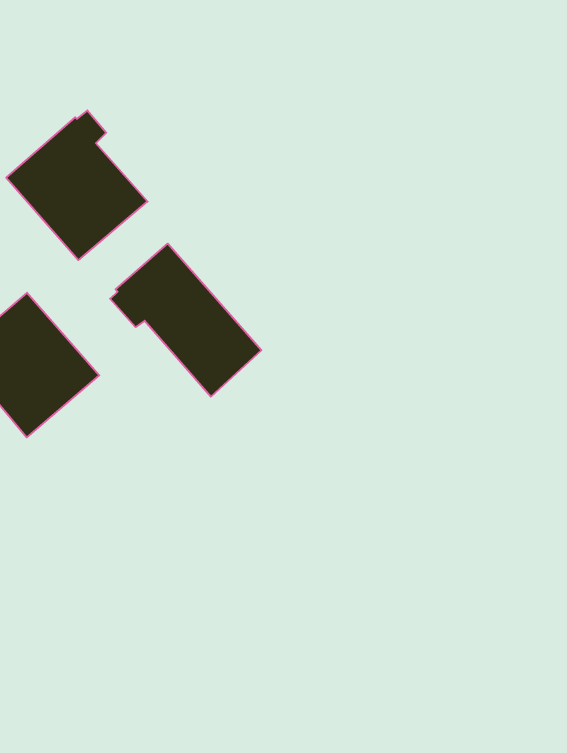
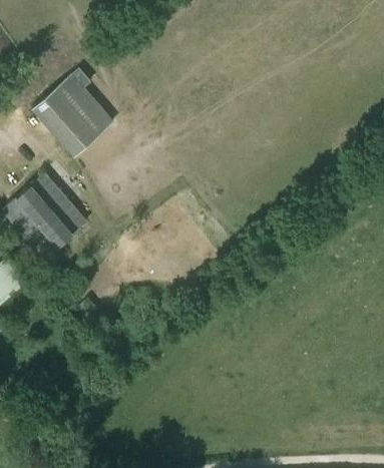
building: [110,244,261,397] -> none

